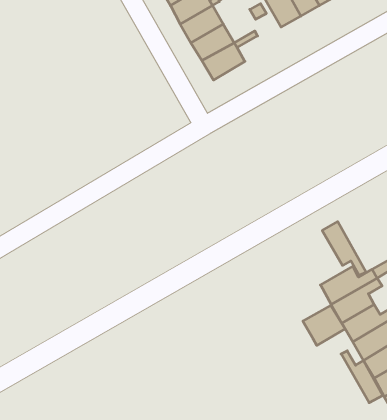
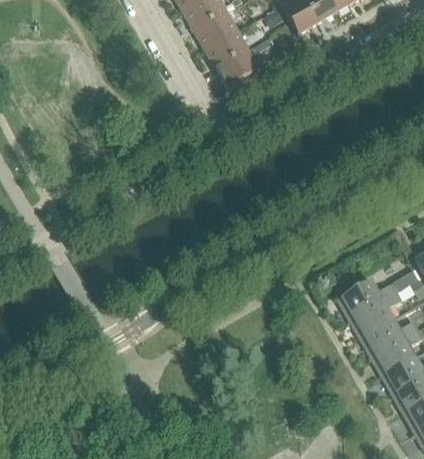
building: [322,222,366,276] -> none
building: [303,306,345,345] -> none
building: [341,351,383,403] -> none

